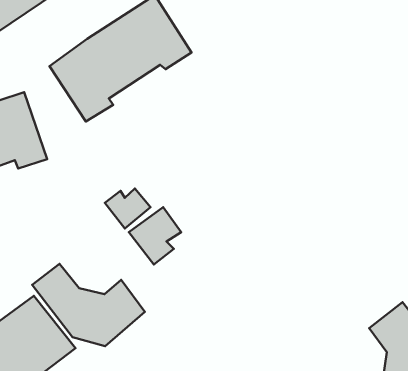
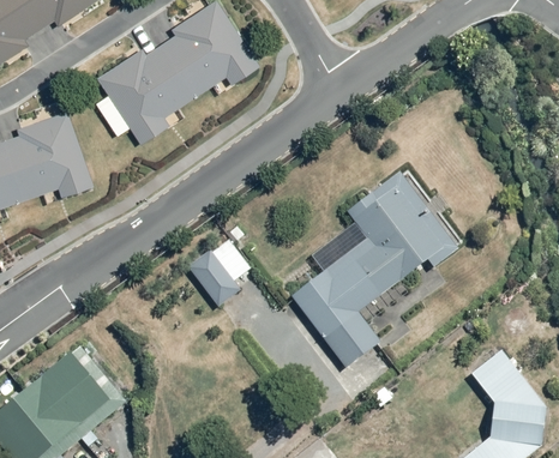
building: none -> [290,171,461,370]
building: [105,188,151,228] -> none
building: [32,264,145,346] -> none

